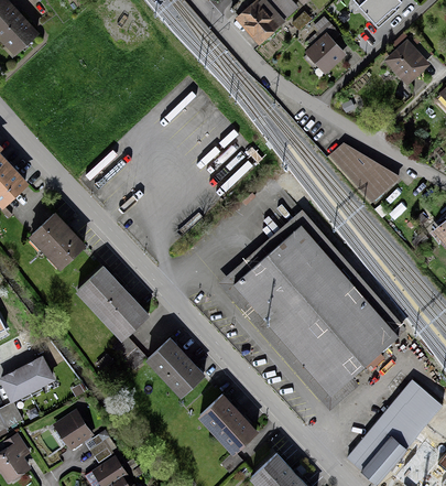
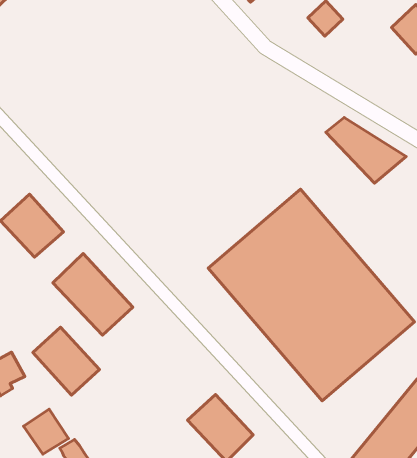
building: [146,337,207,399] -> [33,327,99,395]

